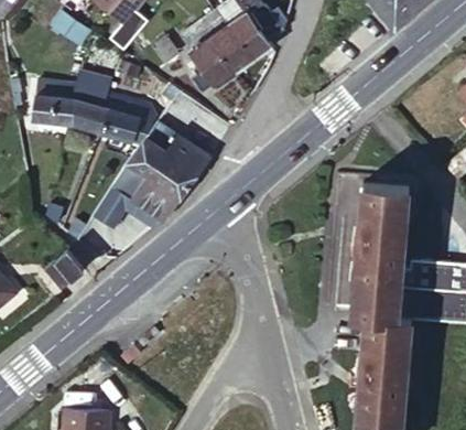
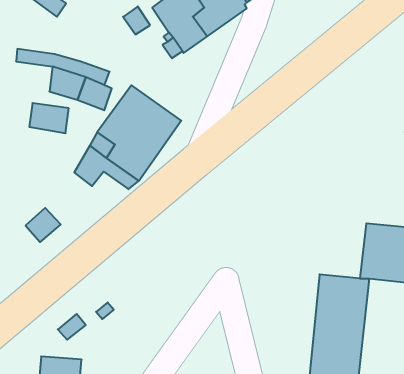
building: [33,93,75,125] -> [29,103,69,133]
building: [350,183,415,323] -> none

